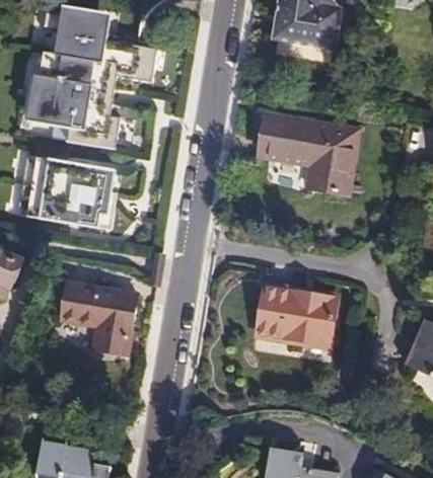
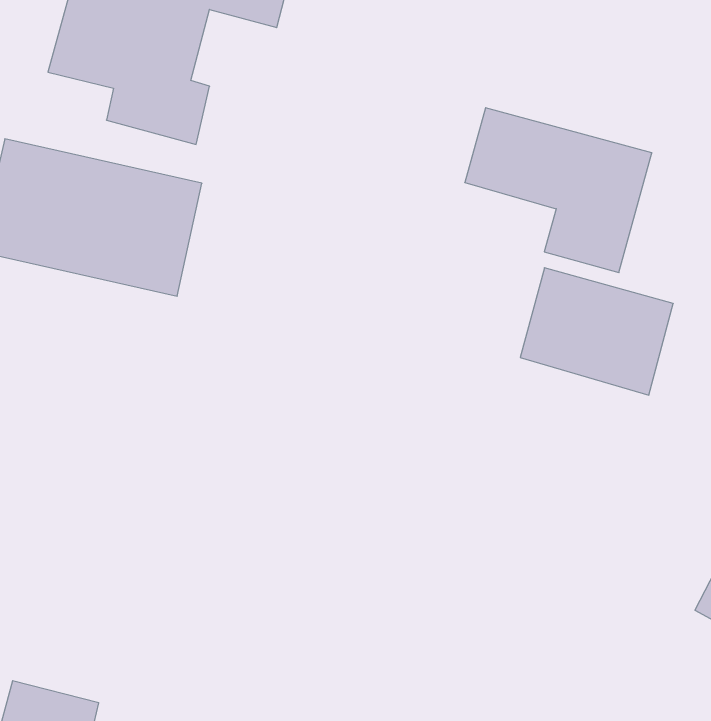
building: [258,283,336,344] -> [520,268,673,395]
building: [62,285,136,355] -> none

